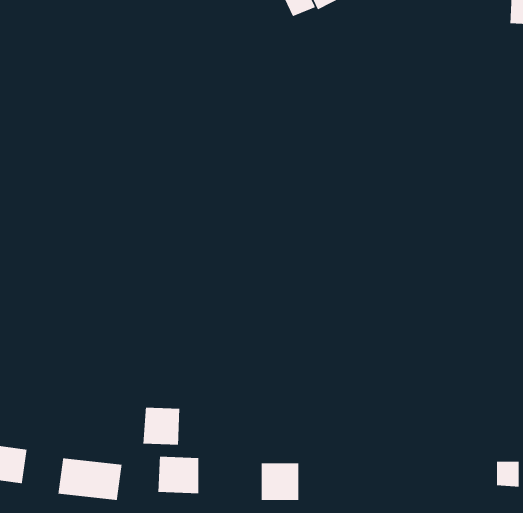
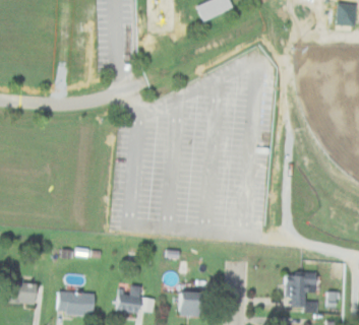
building: [143,407,180,446] -> none
building: none -> [286,271,315,305]

